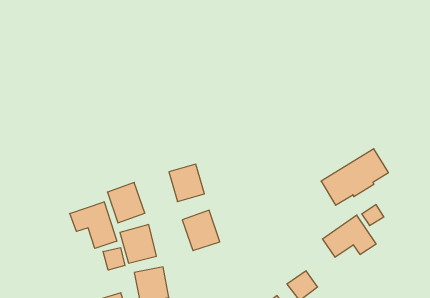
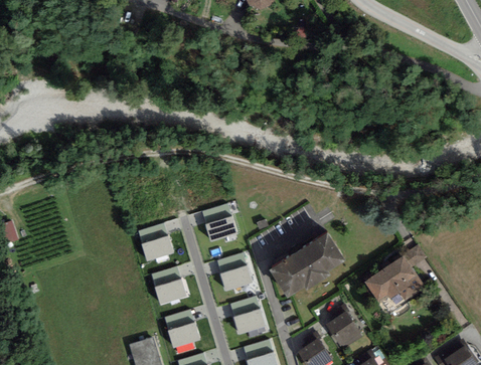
building: [321,149,388,205] -> [269,232,339,292]
building: [70,202,117,248] -> none
building: [103,248,125,270] -> none
building: none -> [230,295,270,336]

